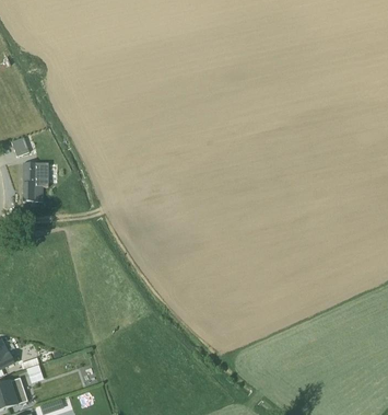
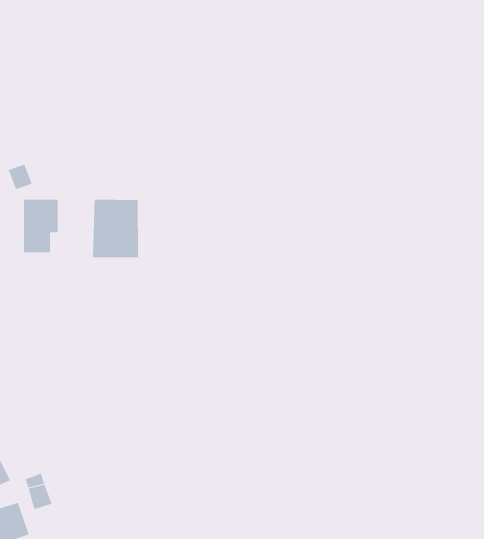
building: none -> [93,199,138,258]

